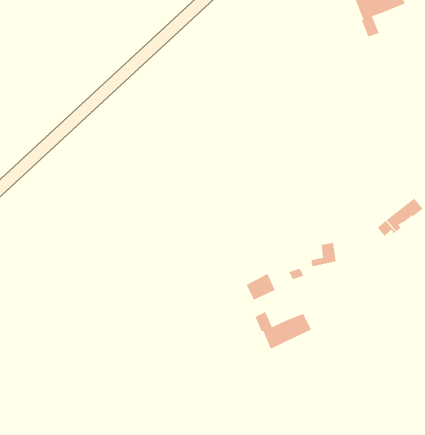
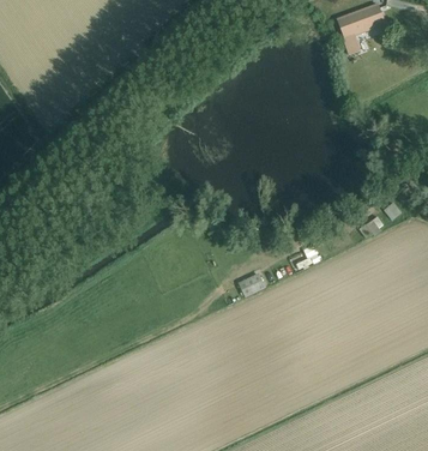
building: [255,311,312,349] -> none

